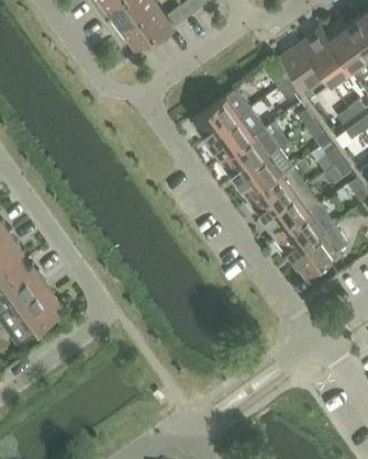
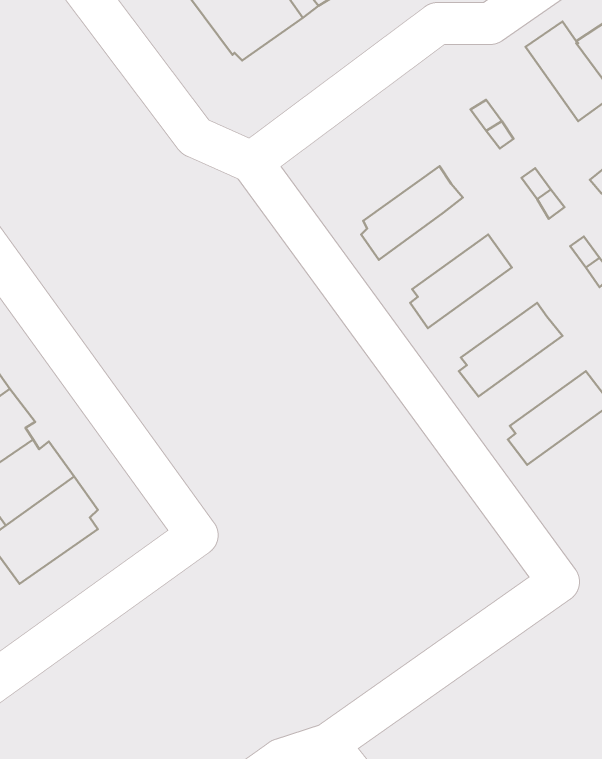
building: [280,42,331,98] -> none
building: [190,88,253,139] -> none
building: [219,127,280,178] -> none
building: [246,166,308,216] -> none
building: [275,204,335,255] -> none

